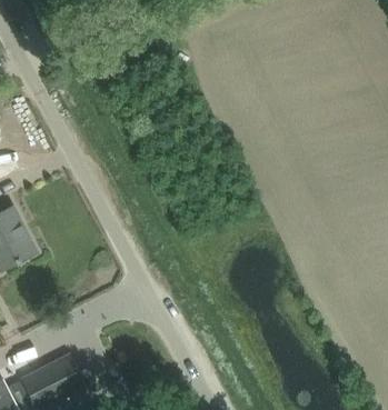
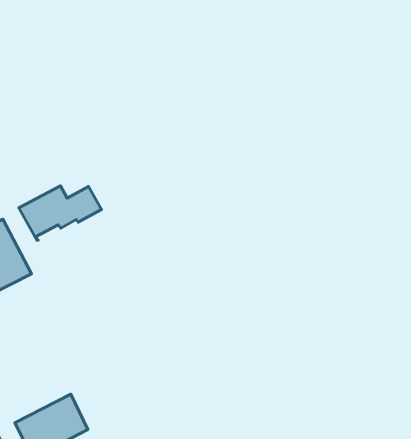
building: none -> [19,186,101,240]

